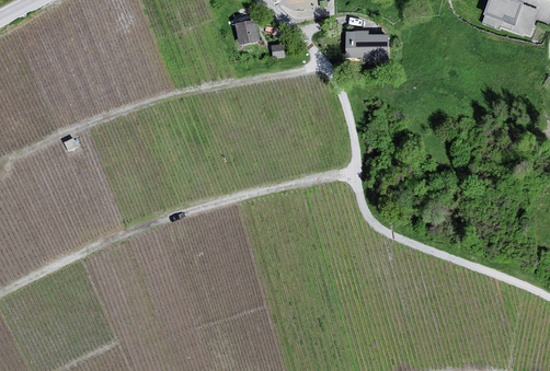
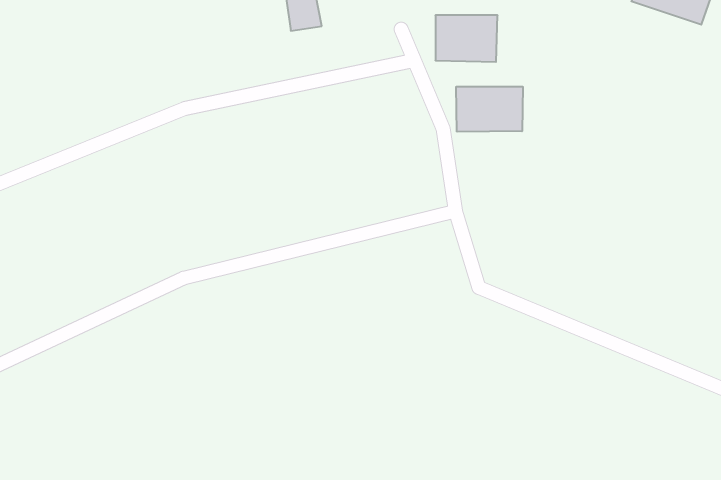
building: none -> [456,87,523,132]

